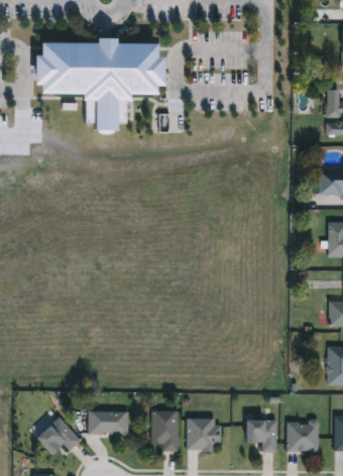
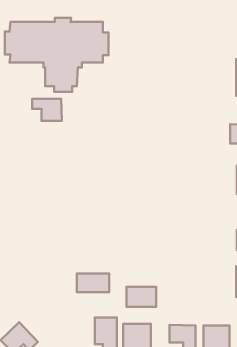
building: none -> [32,99,62,121]
building: none -> [126,287,156,307]
building: [88,411,128,435] -> [77,274,109,292]

